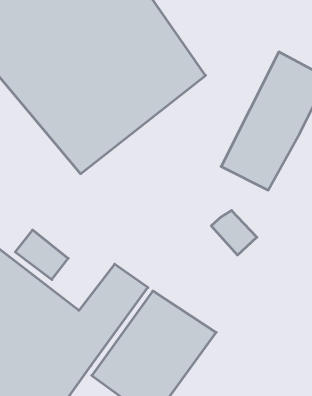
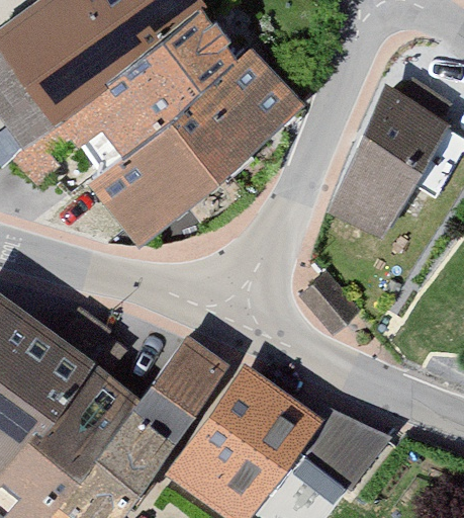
building: none -> [303,419,390,501]

